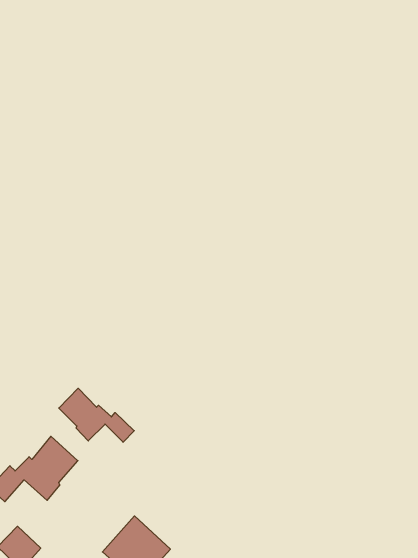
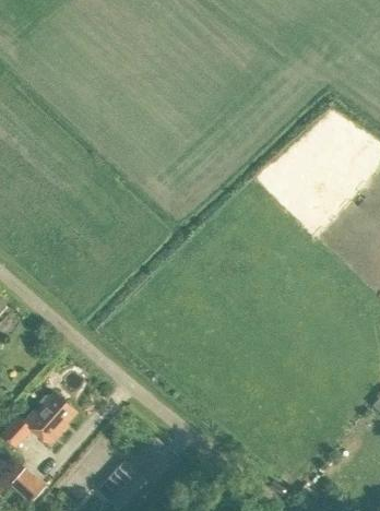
building: [59,388,134,442] -> none

